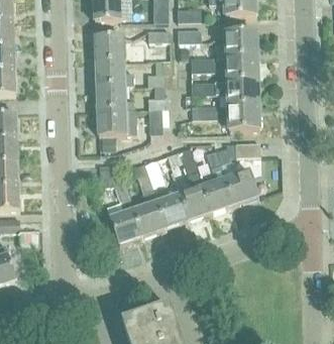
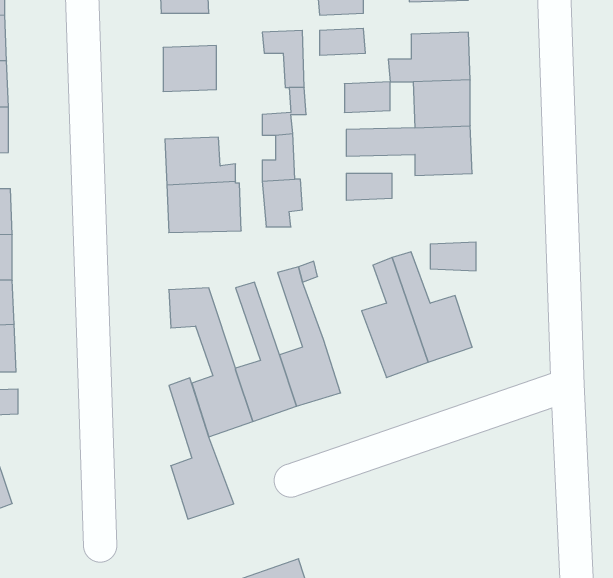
building: [95,61,132,87] -> none
building: [228,105,259,130] -> none
building: [179,146,213,221] -> [169,378,234,519]

